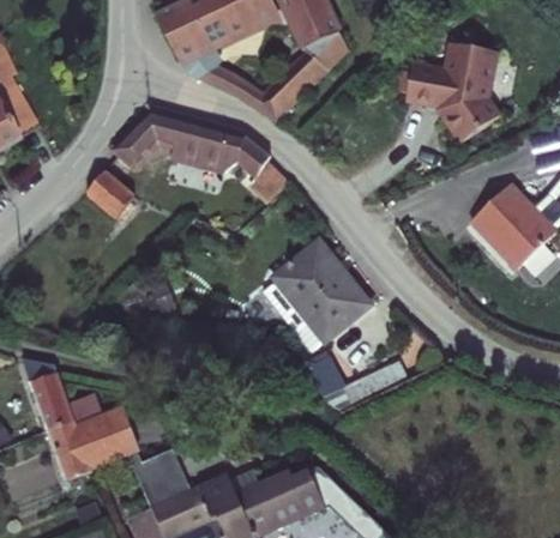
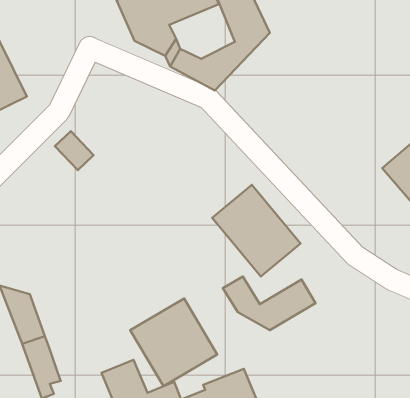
building: [407,49,501,143] -> none
building: [110,116,265,179] -> none
building: none -> [130,298,217,386]
building: [73,412,136,470] -> none

